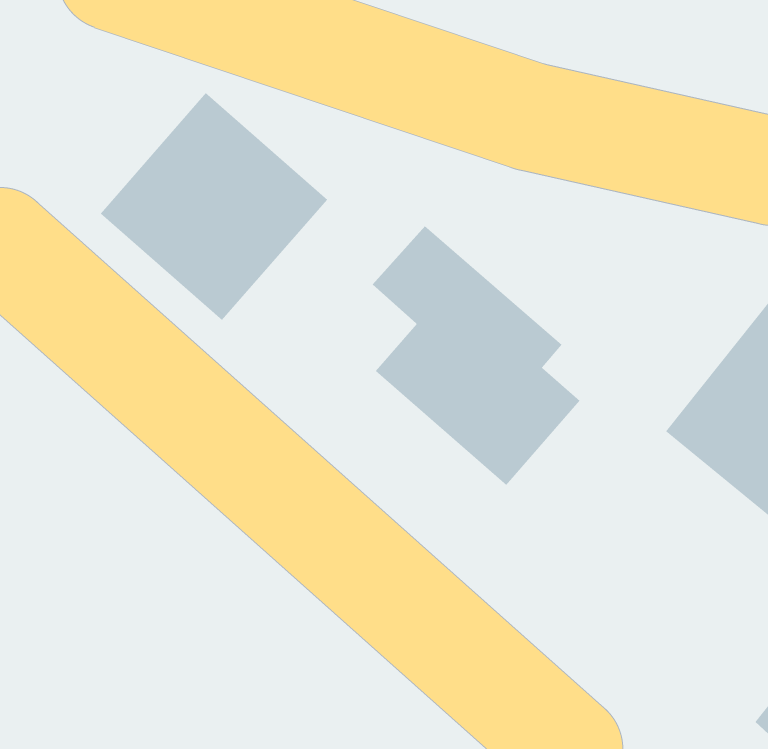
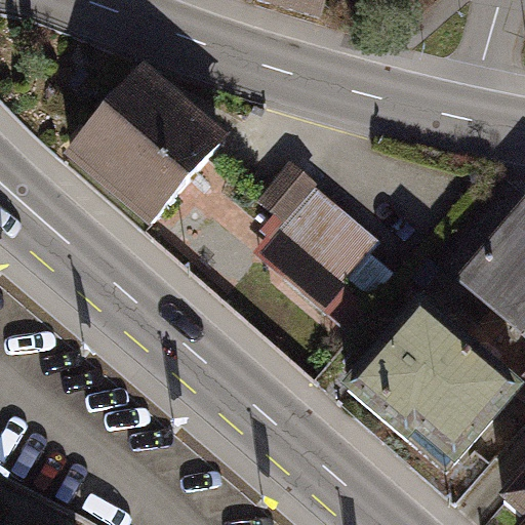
building: none -> [342,319,499,473]

